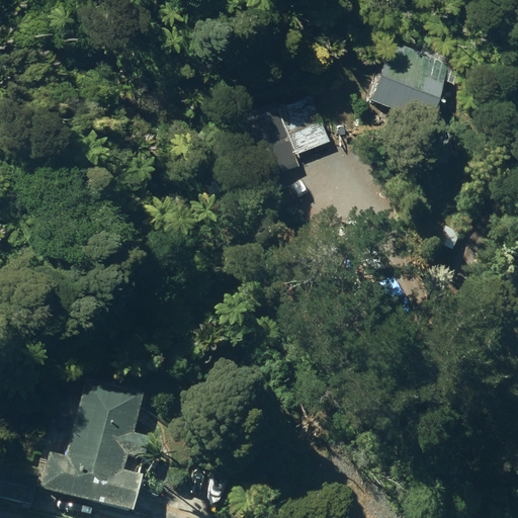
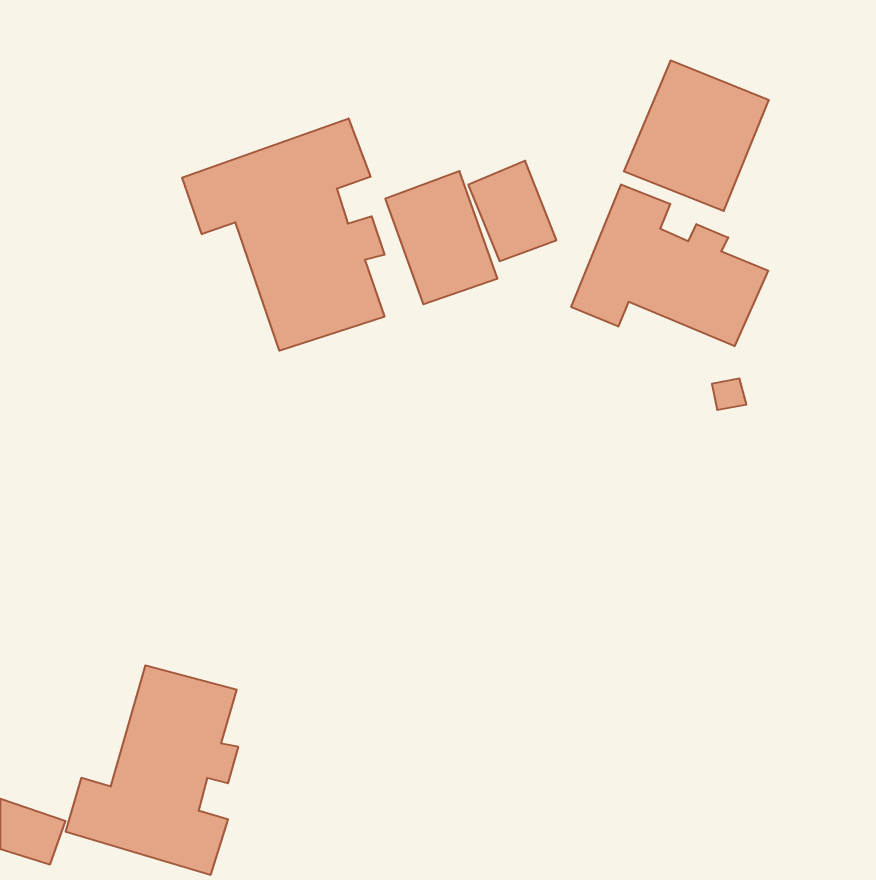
building: none -> [182,118,385,351]
building: none -> [571,184,768,346]

